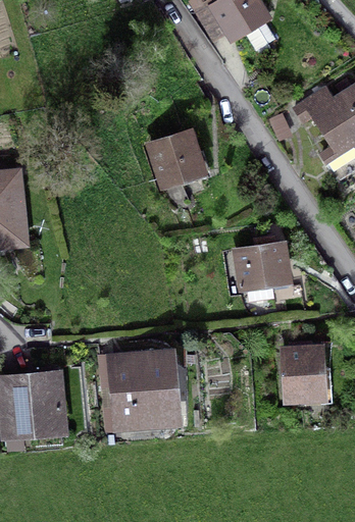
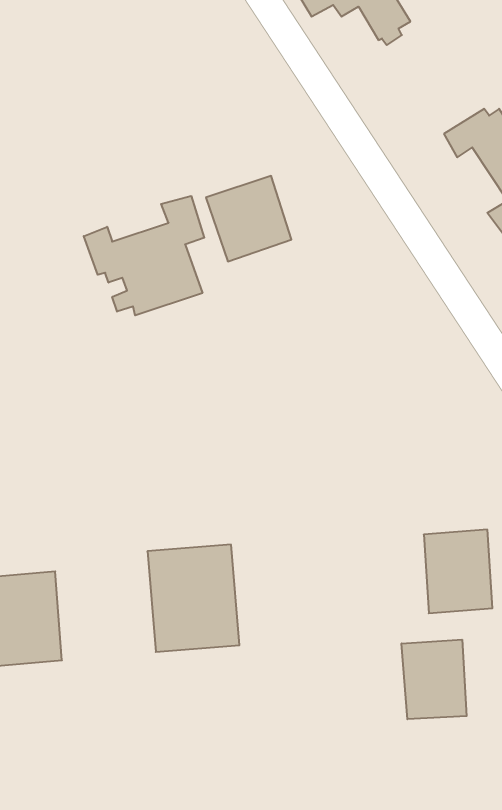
building: none -> [84,196,204,315]
building: [238,245,287,299] -> none
building: none -> [402,640,467,719]

